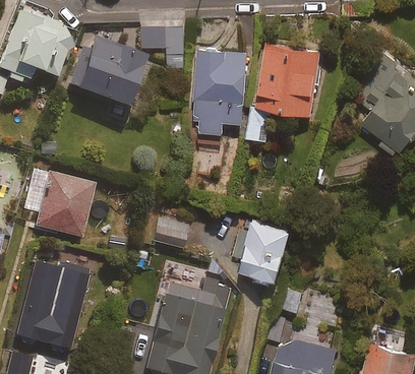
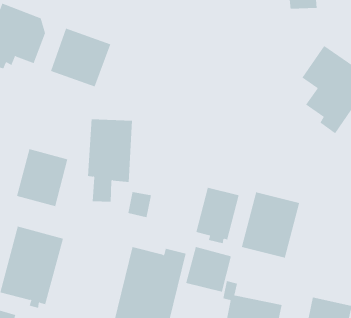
building: [139,27,181,68] -> none
building: [246,41,319,141] -> none
building: [193,50,245,144] -> [87,119,133,202]
building: none -> [241,192,300,259]
building: none -> [186,246,232,292]

